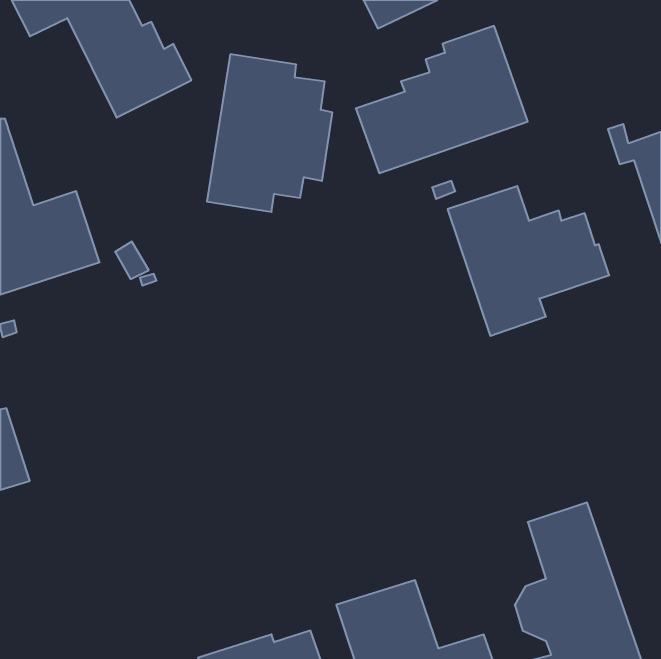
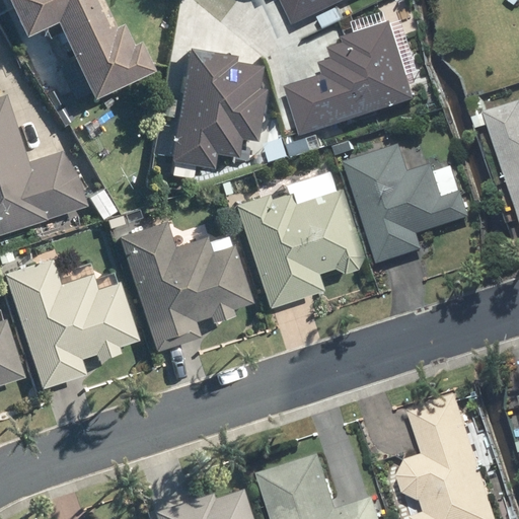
building: none -> [235,190,364,310]
building: none -> [120,223,253,352]
building: none -> [5,261,138,388]

